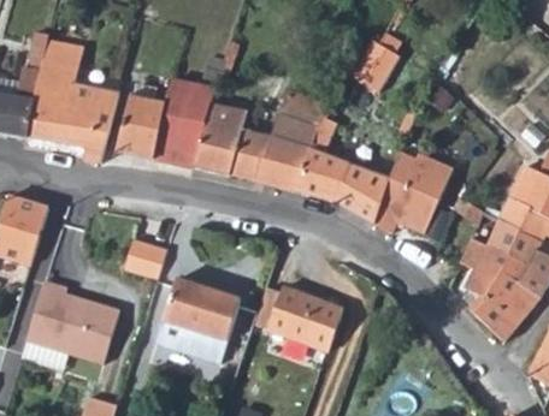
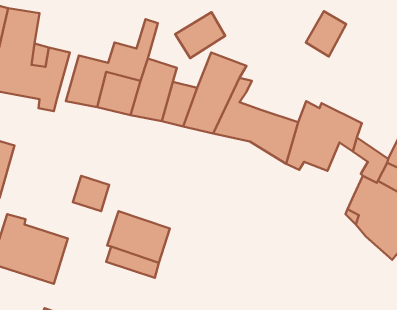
building: [354,37,402,91] -> [306,11,346,57]
building: none -> [175,12,225,58]
building: [252,287,342,352] -> none

